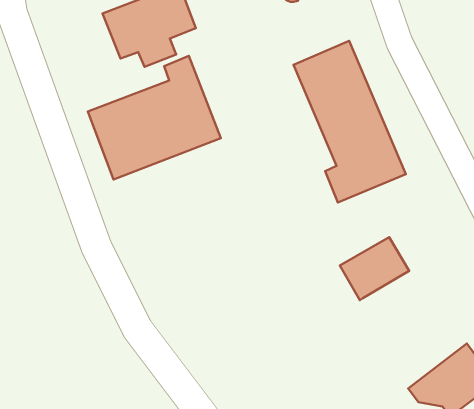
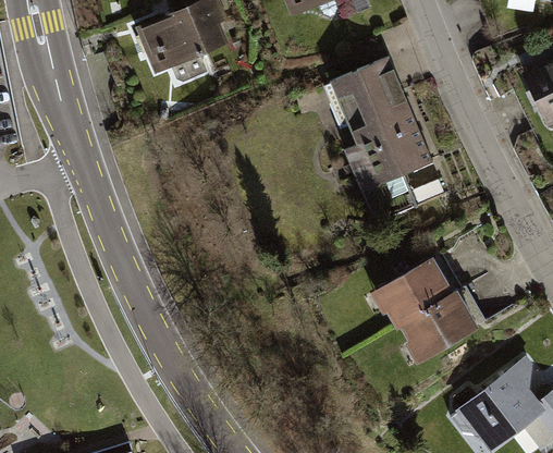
building: [88,56,221,179] -> none
building: none -> [403,292,475,357]

